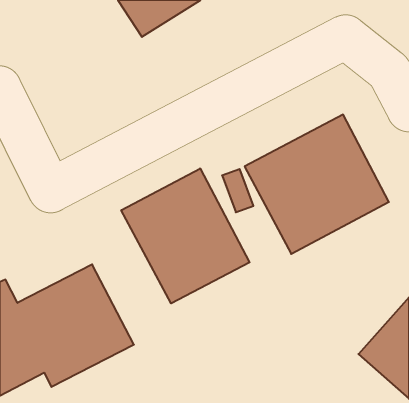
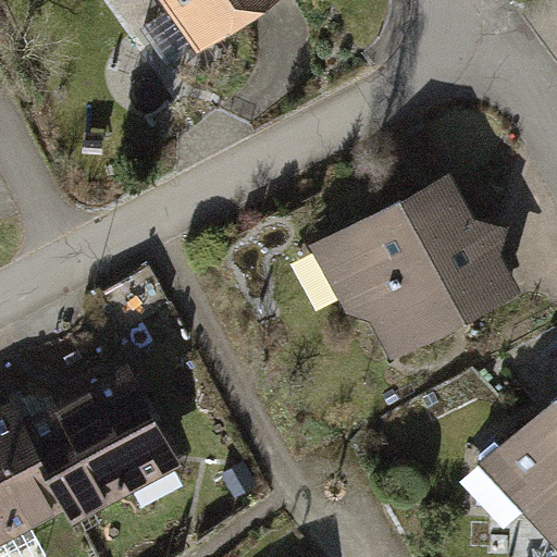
building: [121,168,250,303] -> none

